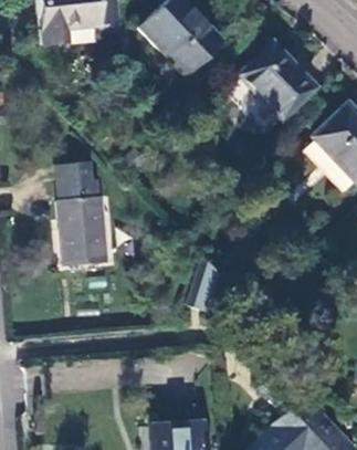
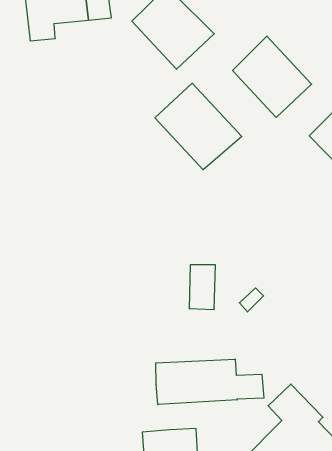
building: none -> [155,83,242,170]
building: [57,163,107,264] -> none
building: none -> [156,359,264,405]

